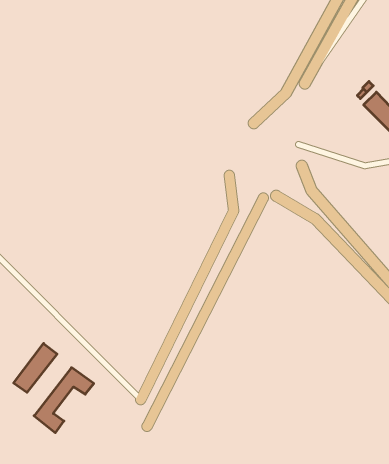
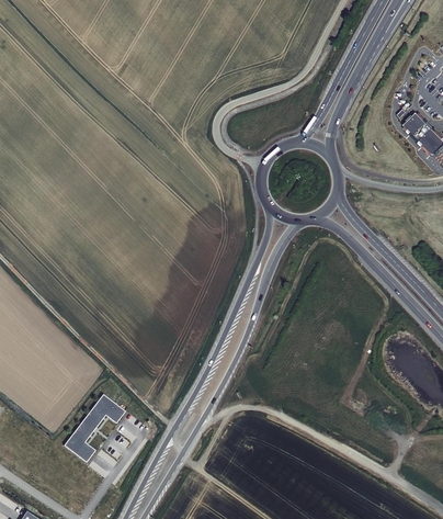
building: [14,343,57,392] -> none

